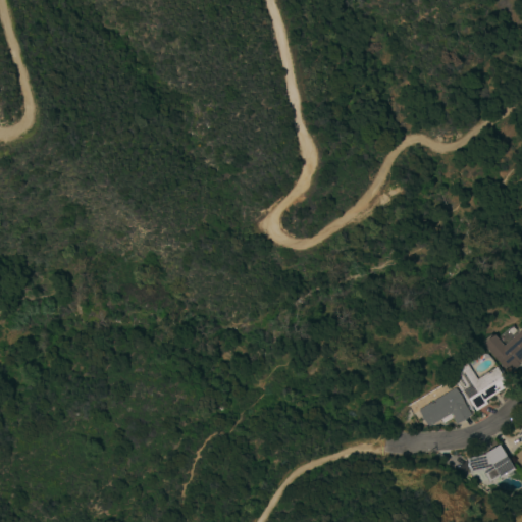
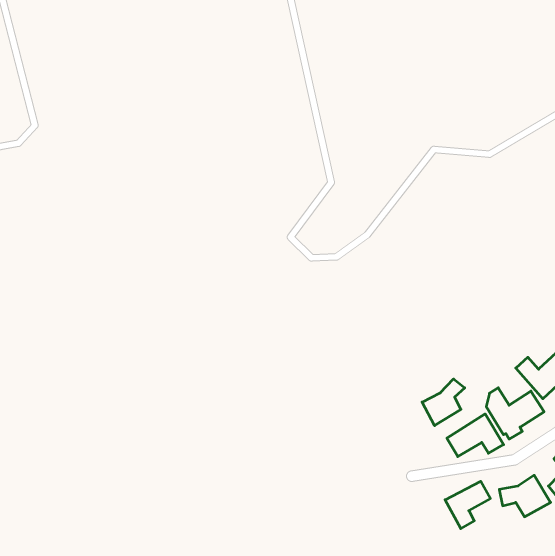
building: none -> [422,379,465,426]
building: none -> [445,481,490,529]

